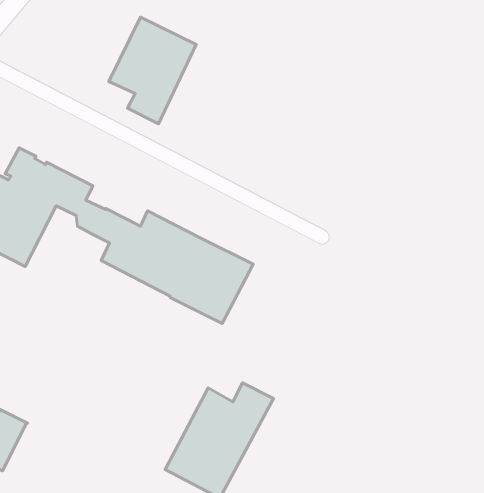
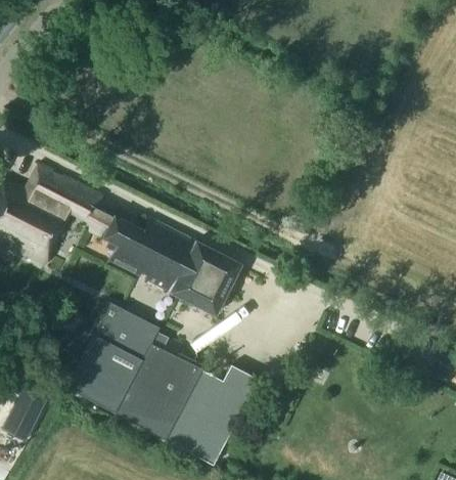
building: [109,17,196,124] -> none
building: none -> [63,301,210,441]

